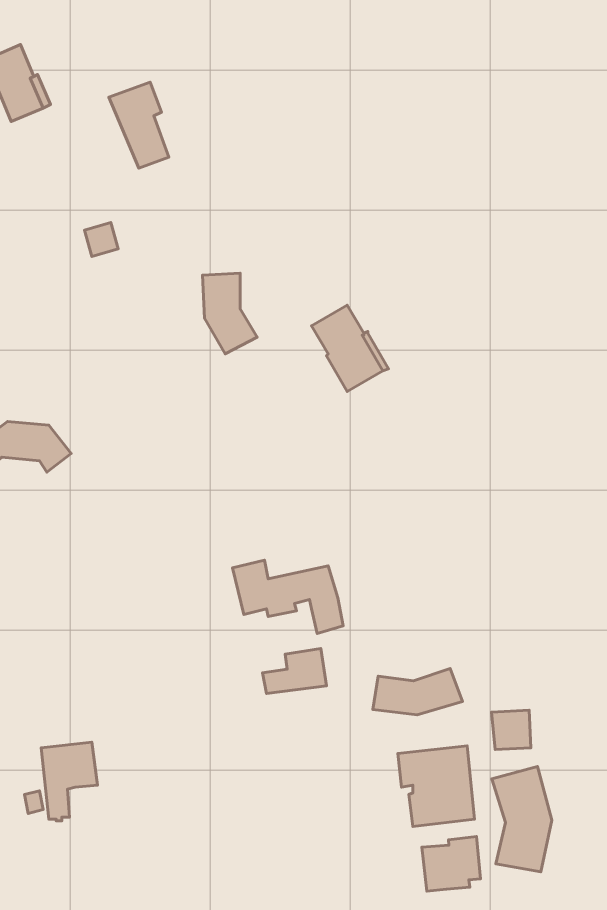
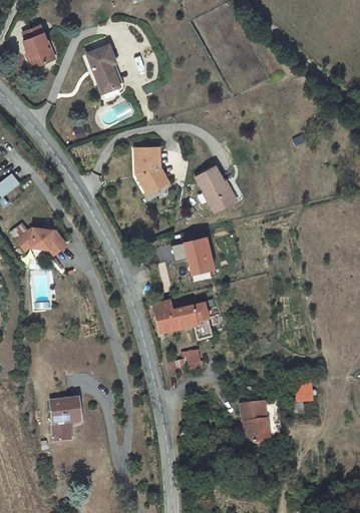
building: none -> [178,231,212,278]
building: [373,668,462,715] -> none
building: [492,766,552,872] -> none
building: [422,837,481,891] -> none

